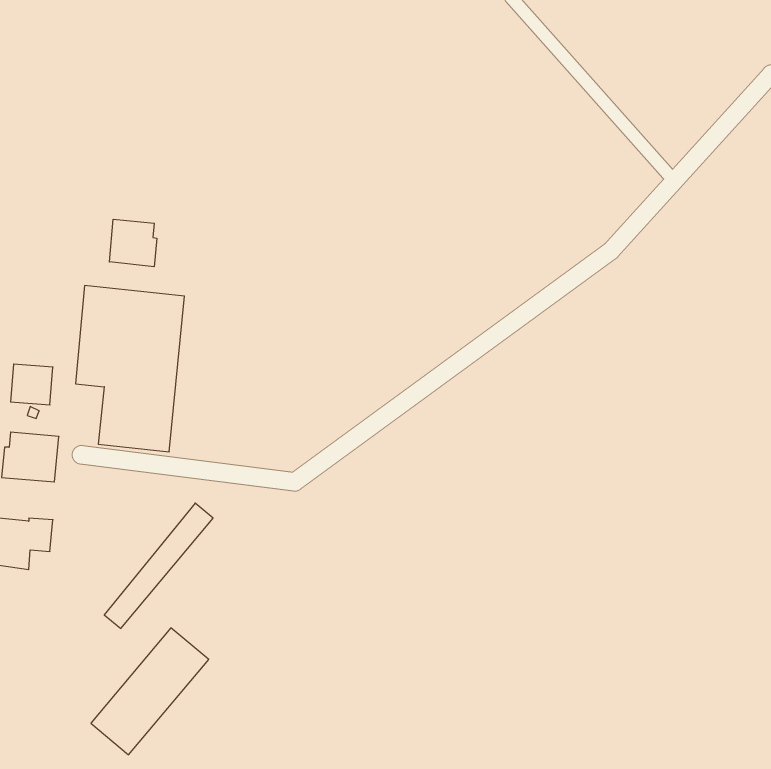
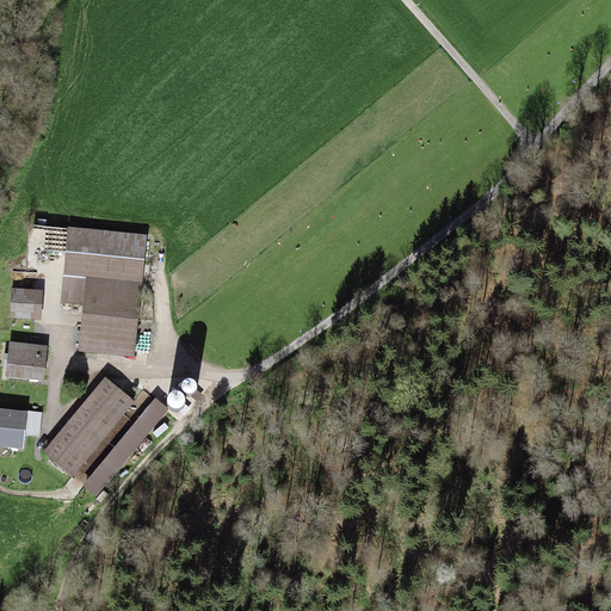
building: [109,219,157,267] -> none
building: [91,628,209,755] -> [42,377,135,477]

